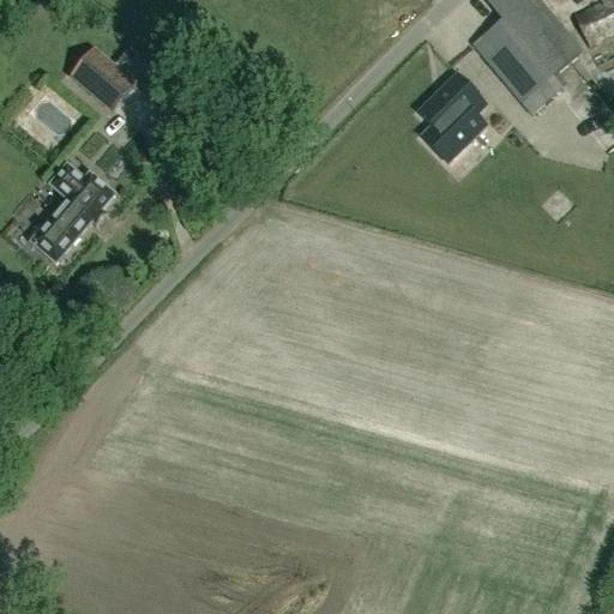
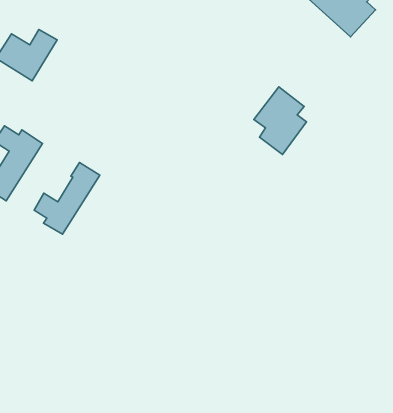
building: [419,73,486,161] -> [254,87,306,154]
building: none -> [34,163,100,234]

